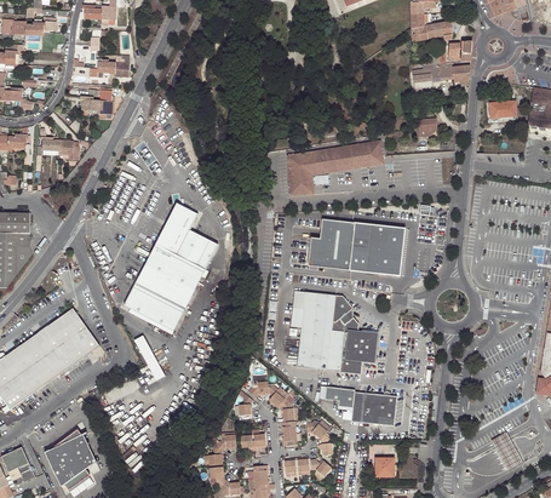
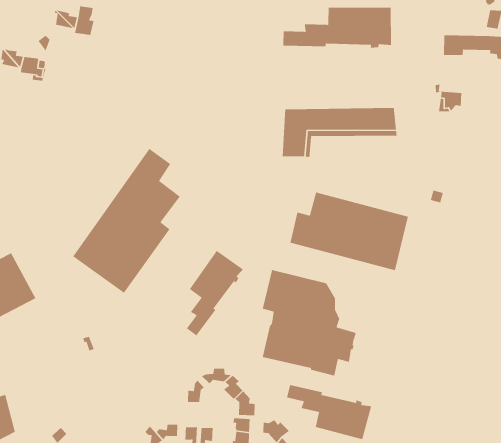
building: none -> [283,7,392,48]
building: none -> [186,250,244,336]

